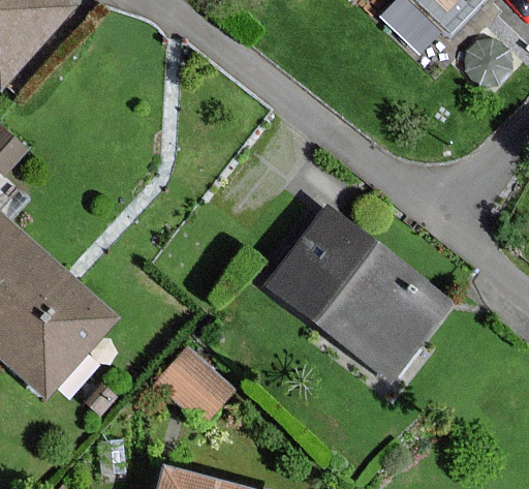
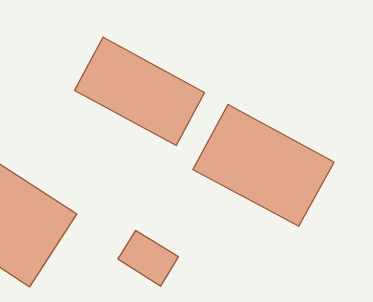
building: none -> [75,37,204,146]

